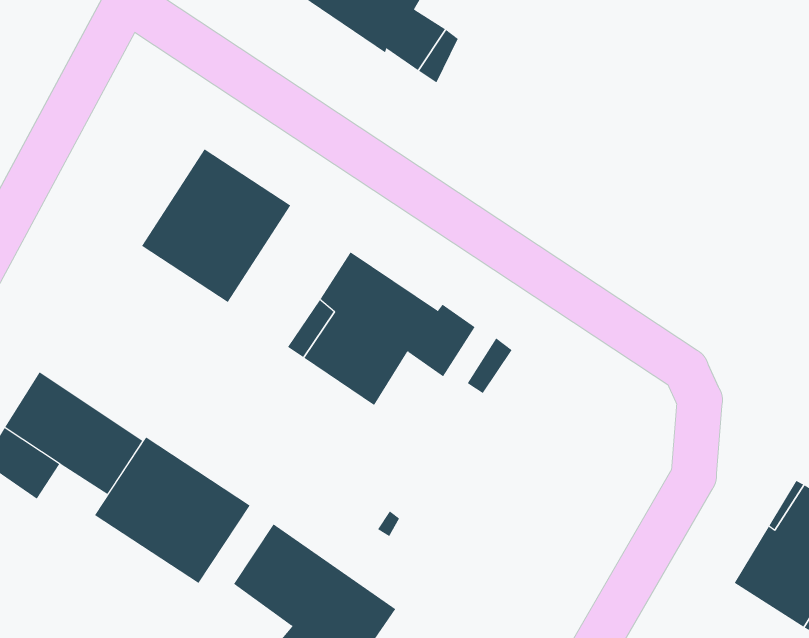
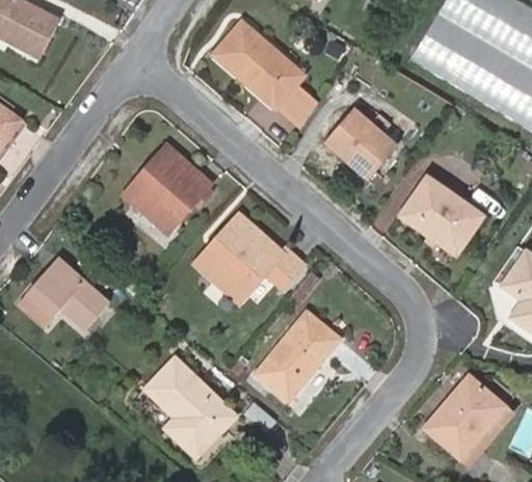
building: none -> [326,107,396,177]
building: none -> [401,178,481,253]
building: none -> [257,311,339,401]
building: [94,437,251,584] -> none

